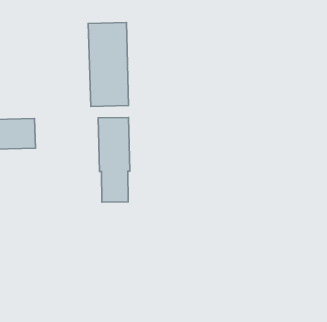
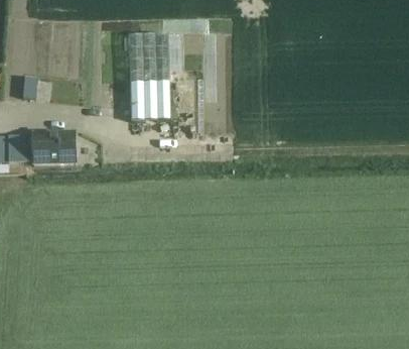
building: [98,118,130,202] -> none

